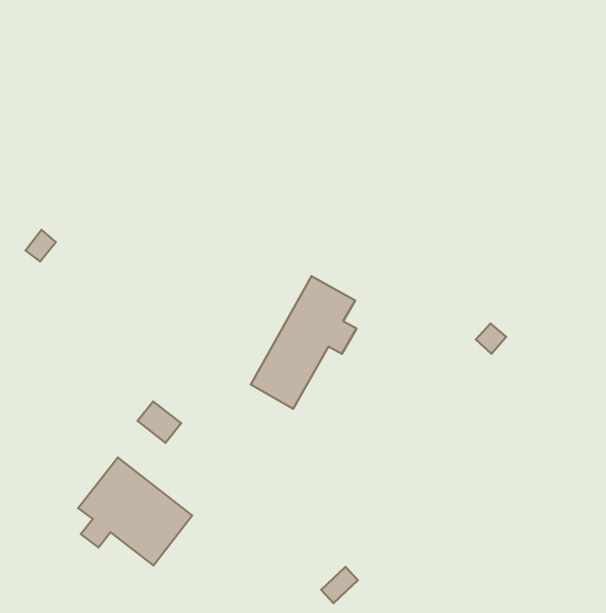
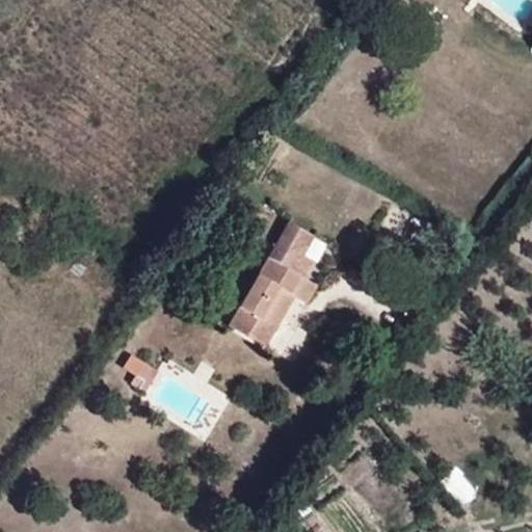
building: [78,457,192,565] -> none

